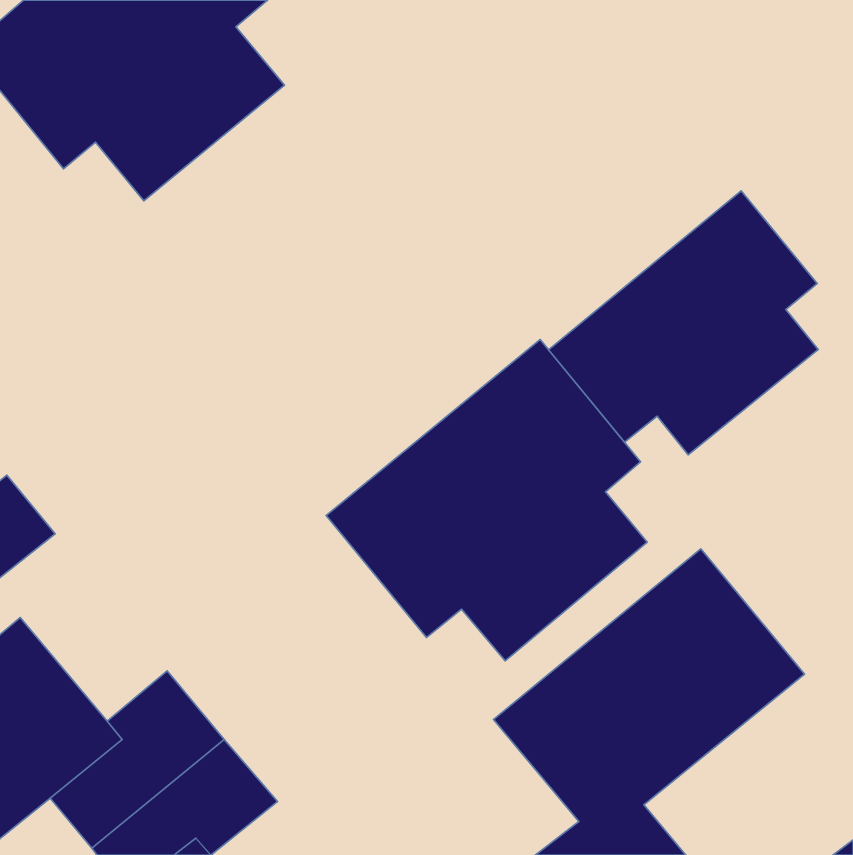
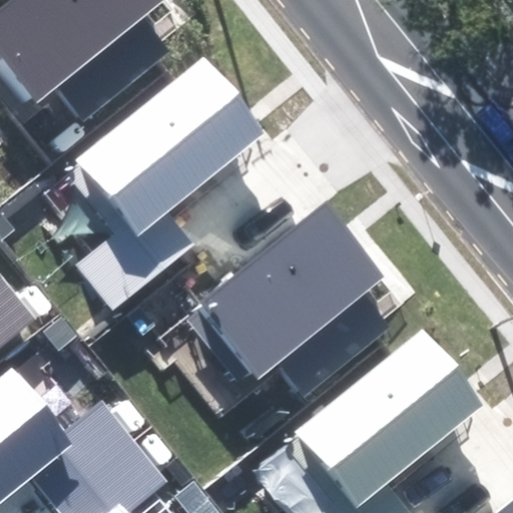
building: none -> [77,57,262,308]
building: [549,191,818,455] -> none

